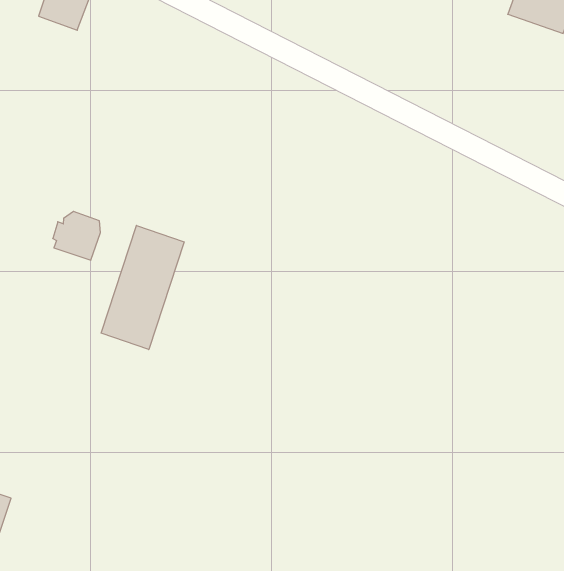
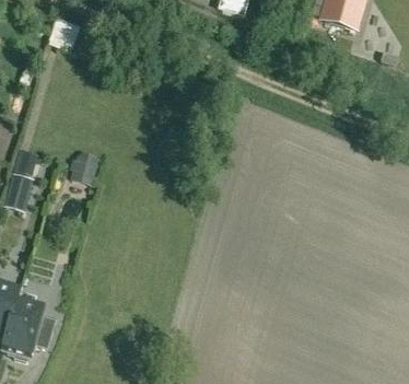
building: [101,225,184,350] -> none

